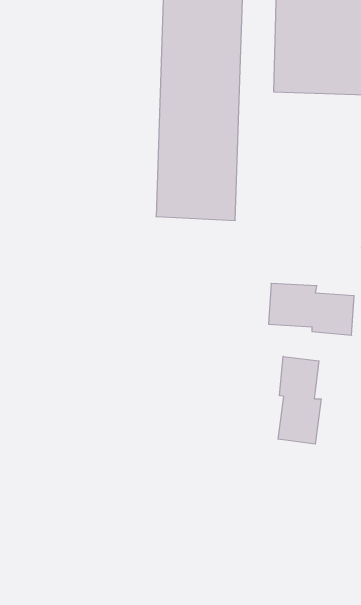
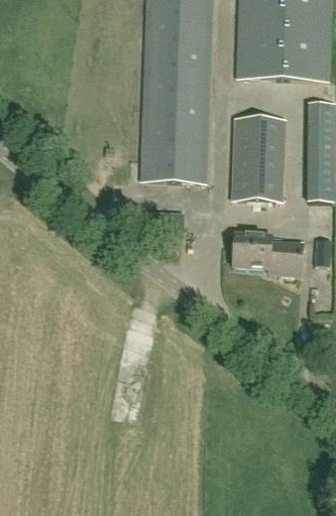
building: none -> [235,104,279,206]
building: [278,356,321,444] -> none

